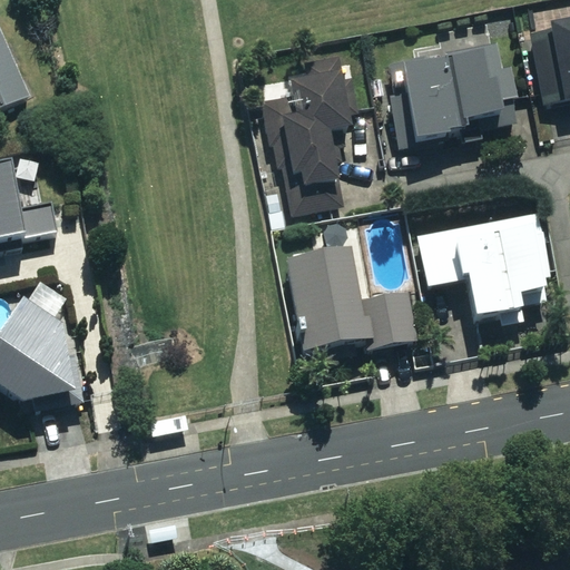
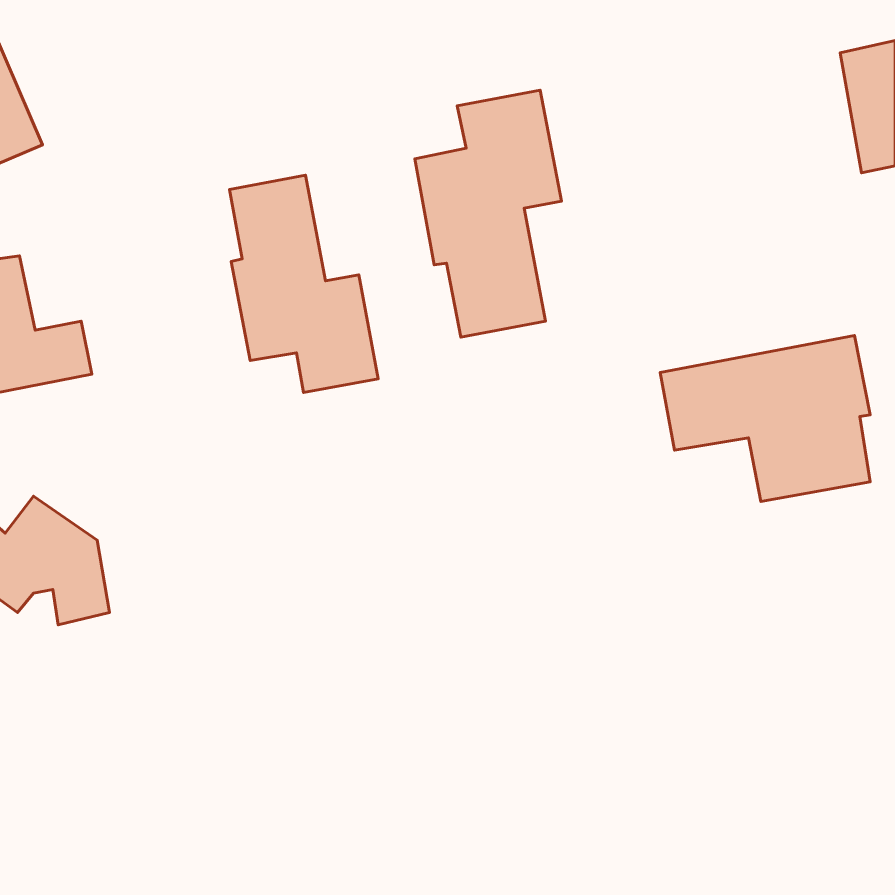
building: [392,41,509,139] -> none
building: none -> [229,175,378,393]
building: [287,249,416,352] -> none

